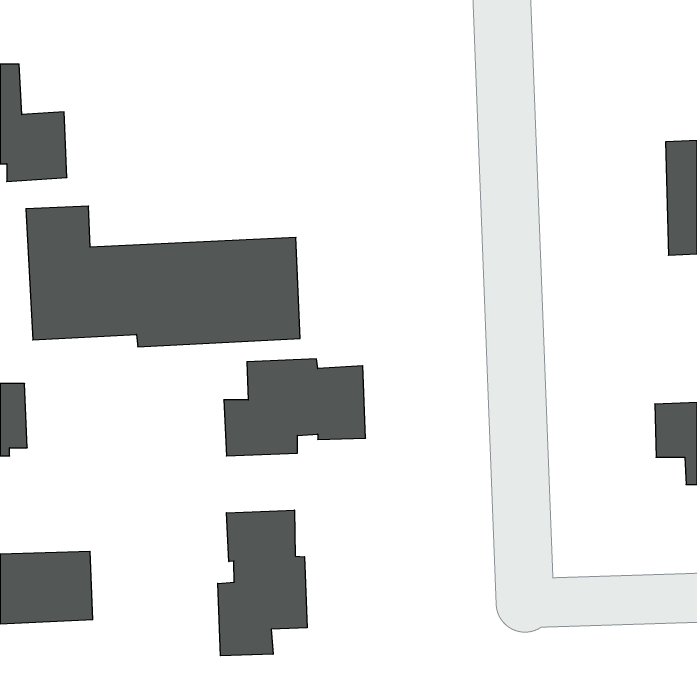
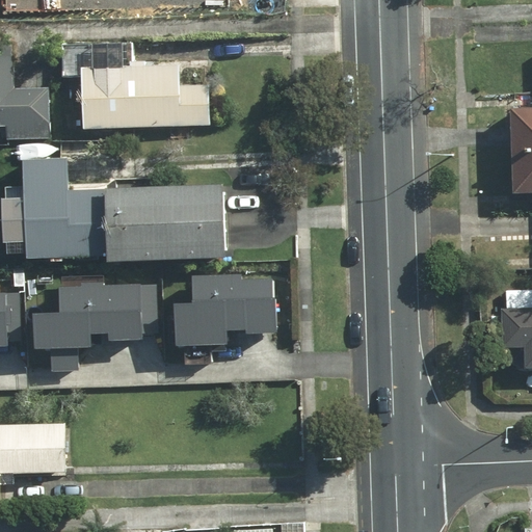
building: none -> [79,64,210,127]
building: none -> [29,284,140,371]
building: [218,510,307,656] -> none

